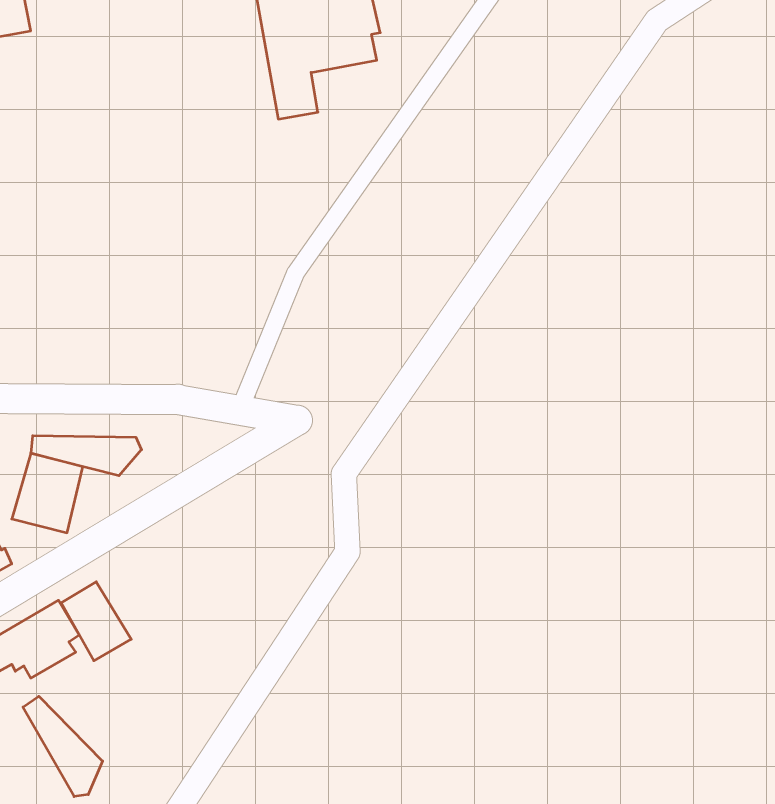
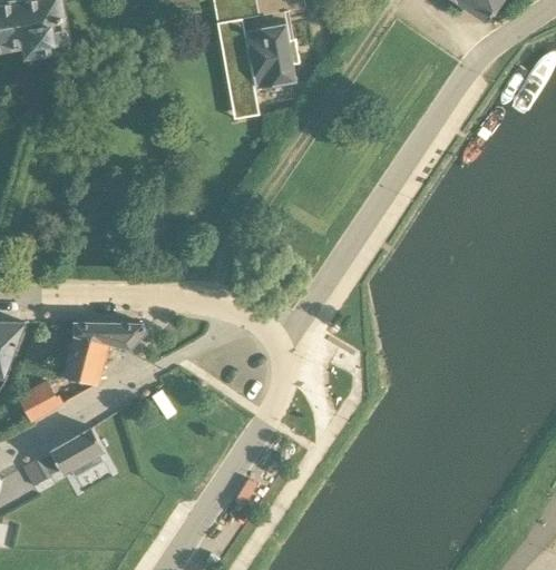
building: [61,582,131,661] -> none
building: [23,696,103,797] -> none

